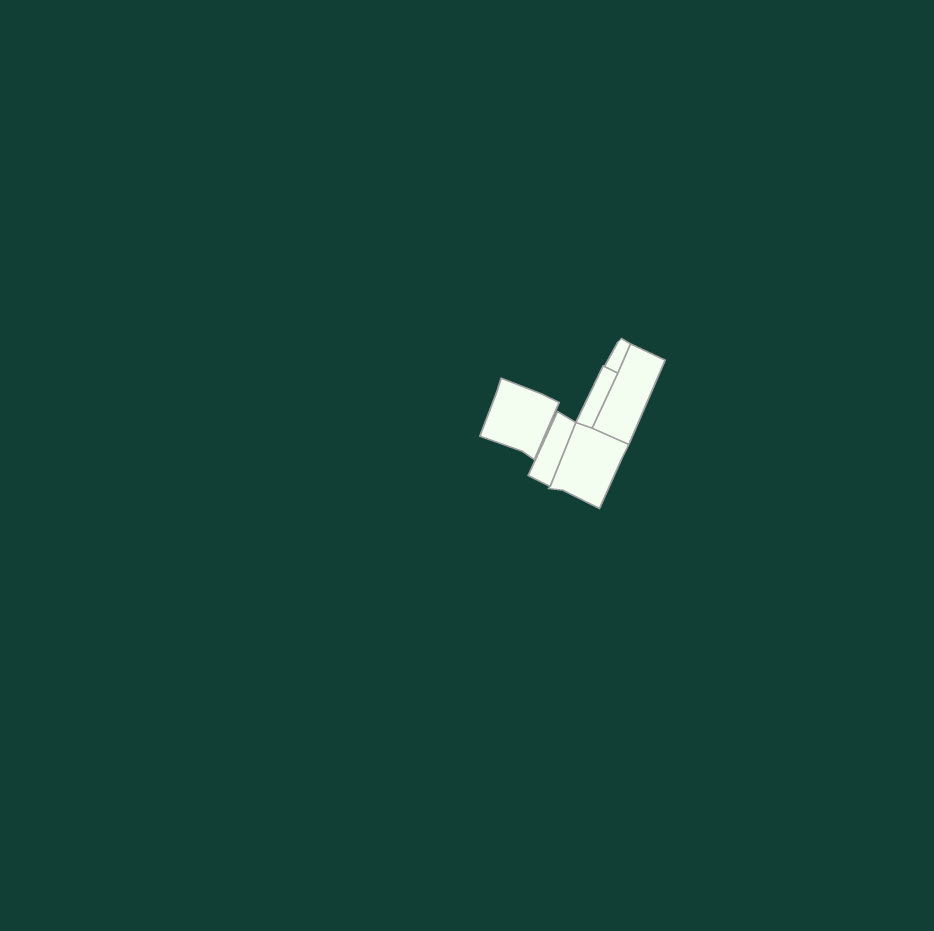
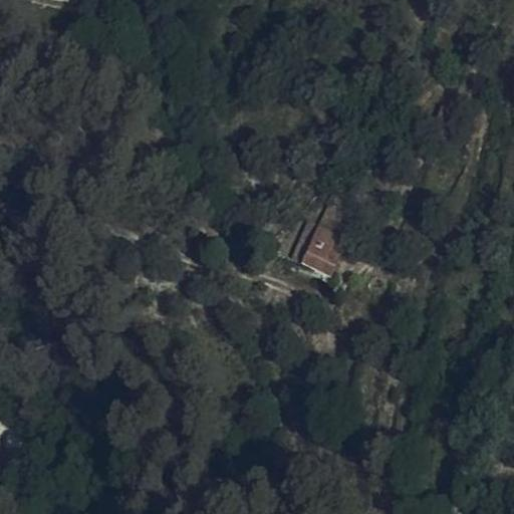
building: [480,378,559,460] -> none

